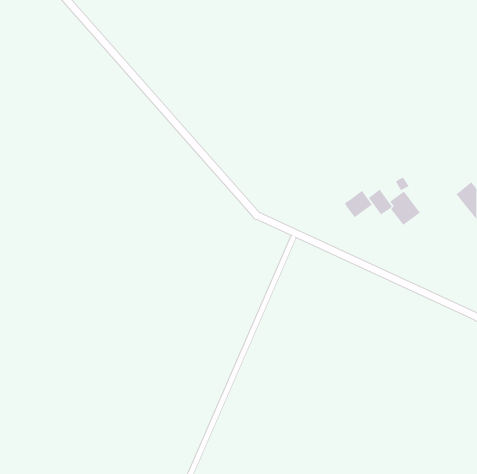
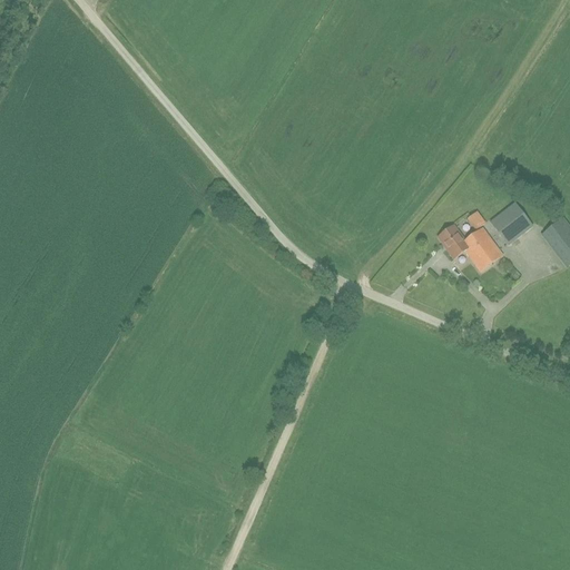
building: none -> [490,202,532,243]
building: [344,190,373,218] -> none

